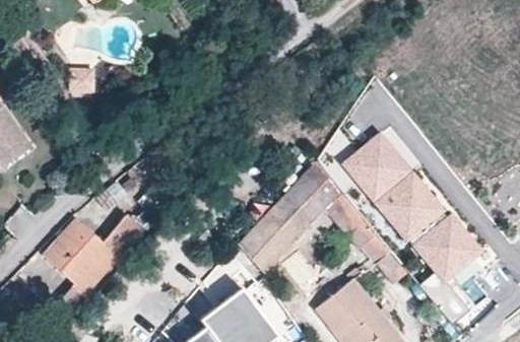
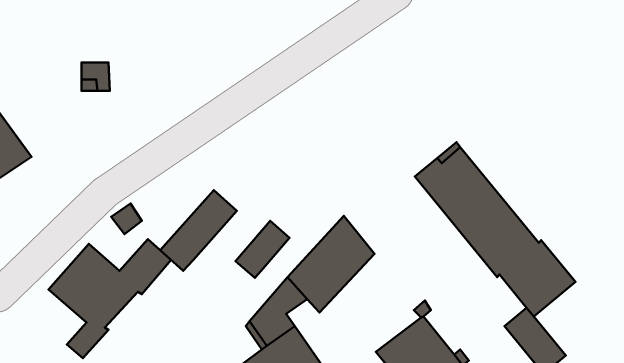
building: [286,162,406,285] -> none
building: none -> [160,190,237,271]
building: none -> [236,221,289,278]

